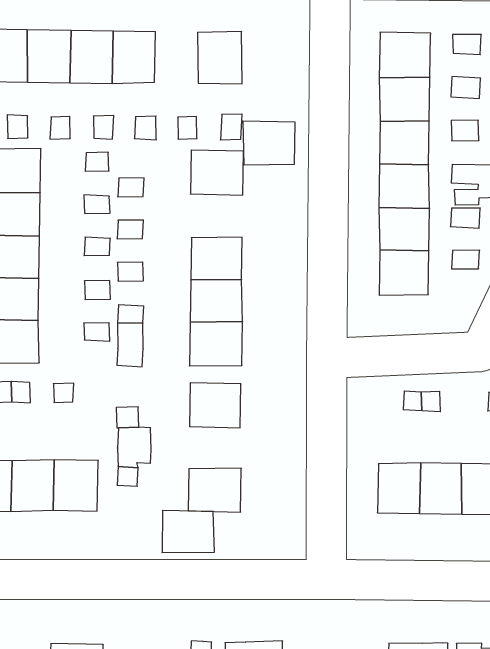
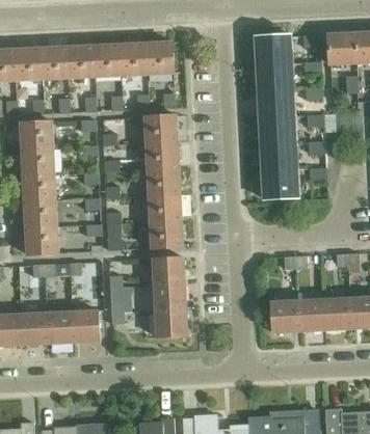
building: none -> [118,43,147,75]
building: [243,121,295,165] -> [146,141,179,169]
building: [162,510,214,553] -> [153,284,186,311]

